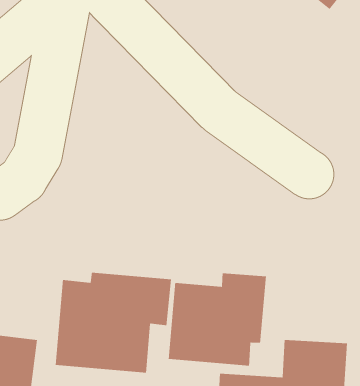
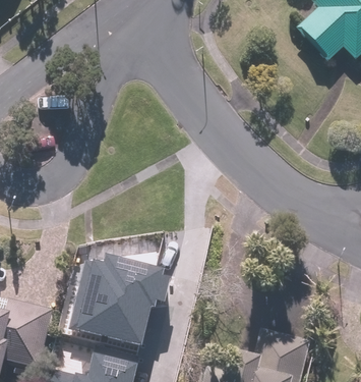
building: [168,272,267,367] -> none

